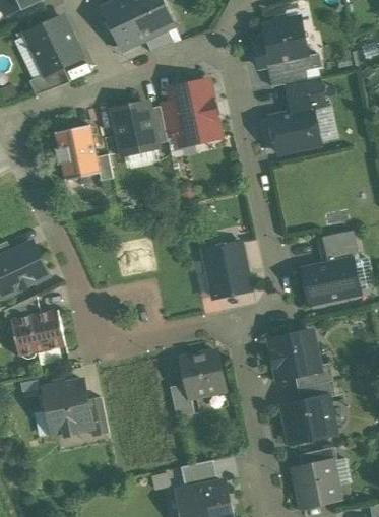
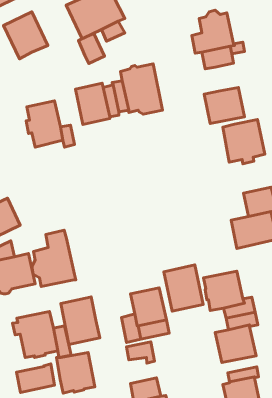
building: none -> [79,33,104,63]
building: [28,66,69,96] -> none
building: [283,77,326,113] -> none
building: none -> [223,119,265,164]
building: [202,242,250,298] -> [164,265,203,311]
building: none -> [32,230,76,287]
building: none -> [61,297,100,345]
building: none -> [127,342,154,363]
building: none -> [57,353,95,393]
building: none -> [16,364,54,392]

